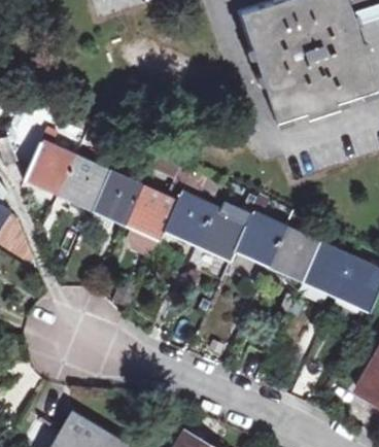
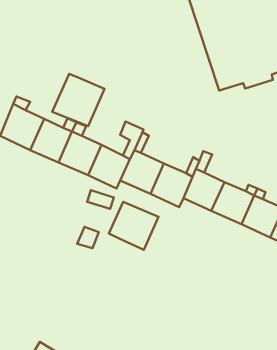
building: none -> [52,74,105,126]
building: none -> [109,202,158,250]

